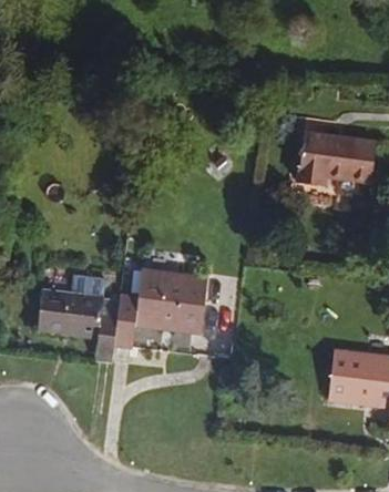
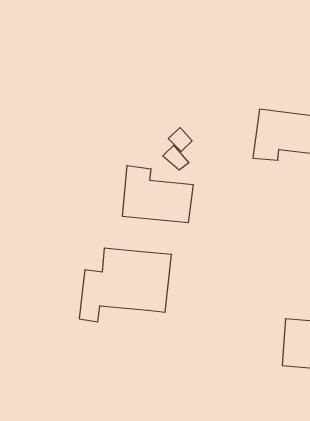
building: none -> [122,165,193,223]
building: [41,291,122,362] -> none

